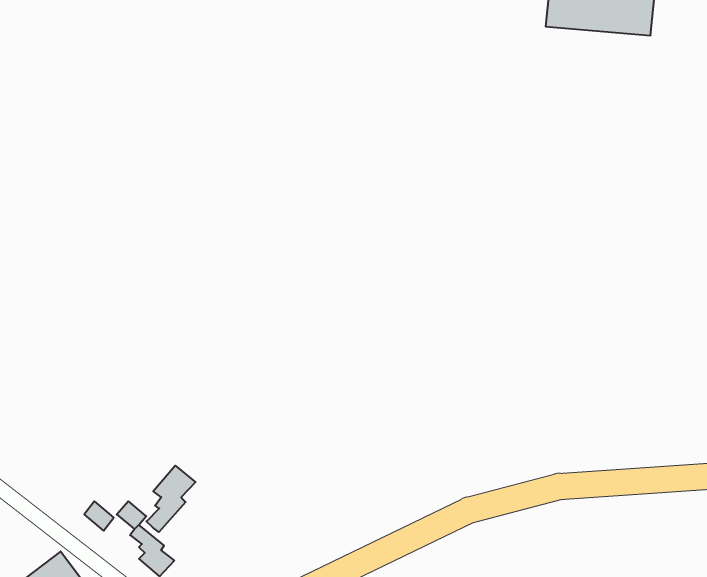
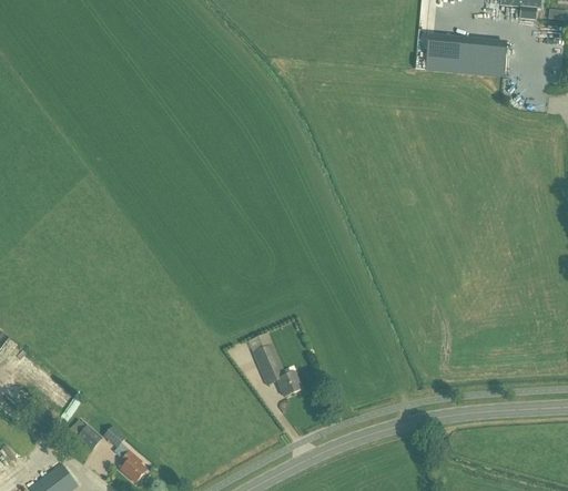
building: none -> [247,333,302,398]
building: [146,466,196,532] -> none

